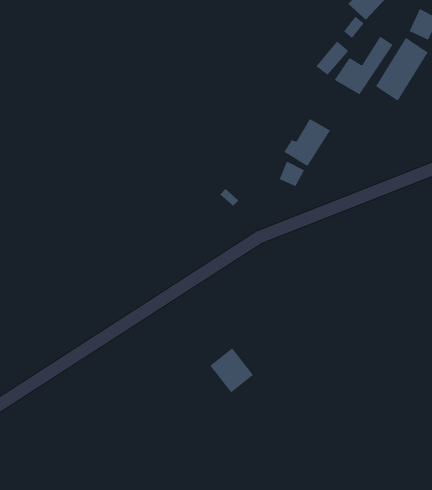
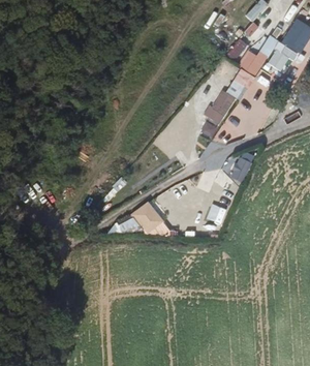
building: none -> [225,66,254,100]
building: [210,347,254,393] -> [134,202,164,233]

